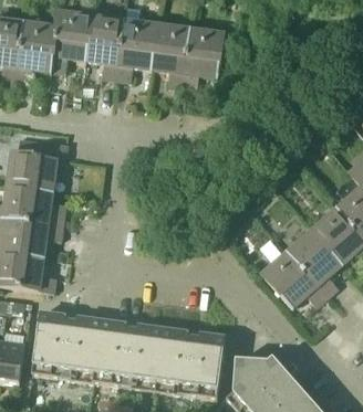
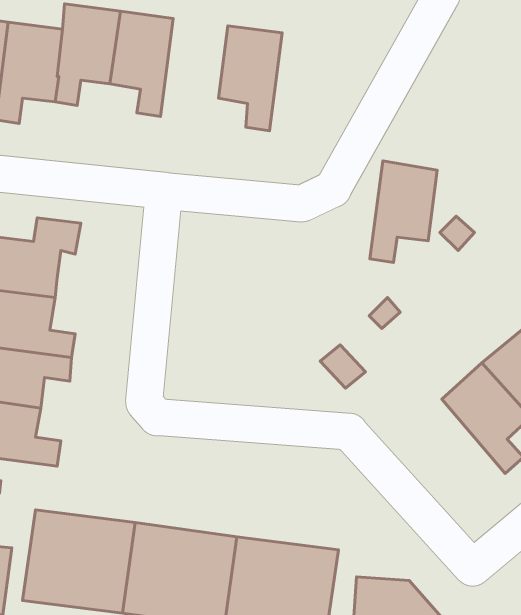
building: [115,19,156,81] -> none
building: [182,28,222,89] -> [370,161,437,263]
building: [261,251,325,306] -> none

